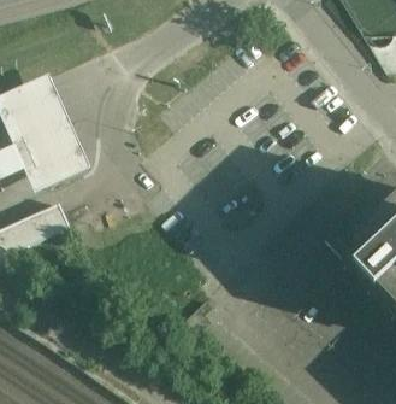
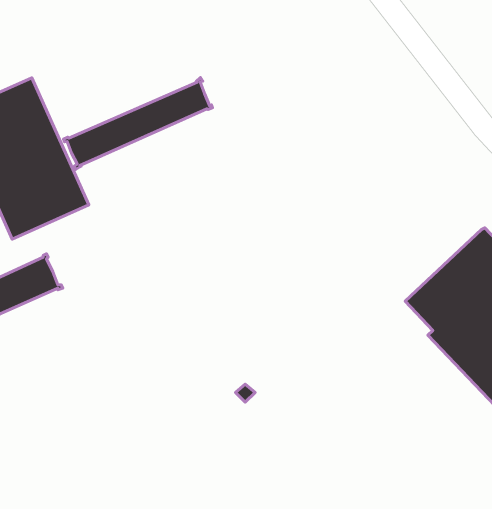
building: none -> [63,77,213,169]

